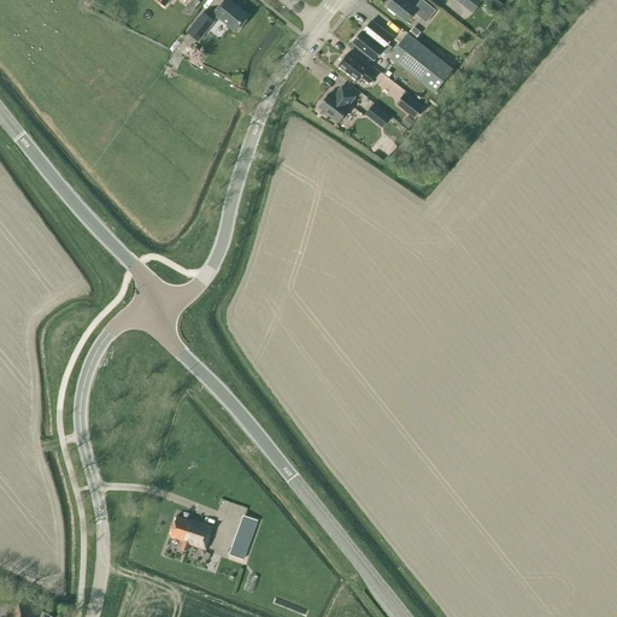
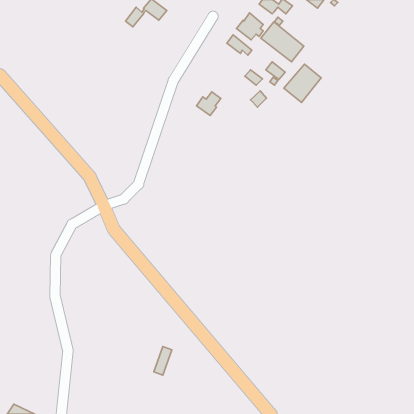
building: [318,86,354,121] -> [196,92,221,115]
building: none -> [284,64,321,102]
building: [170,515,212,550] -> none

